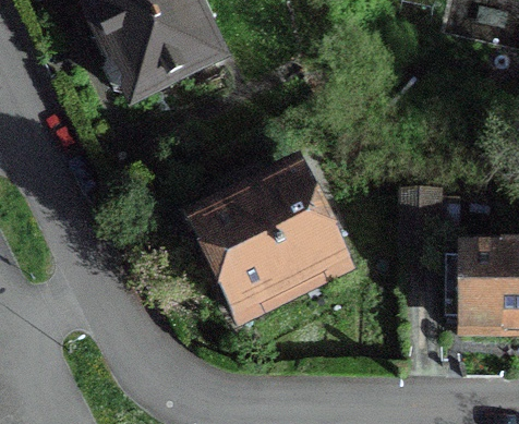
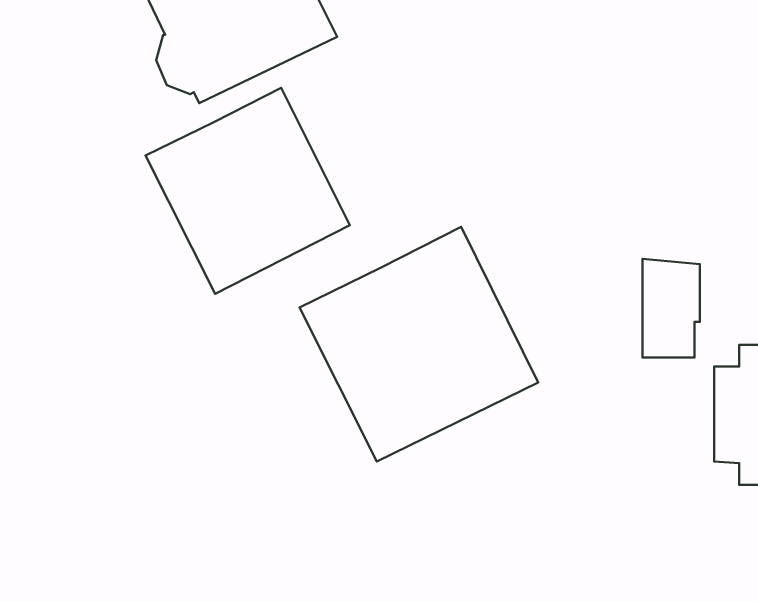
building: none -> [145,88,350,294]

